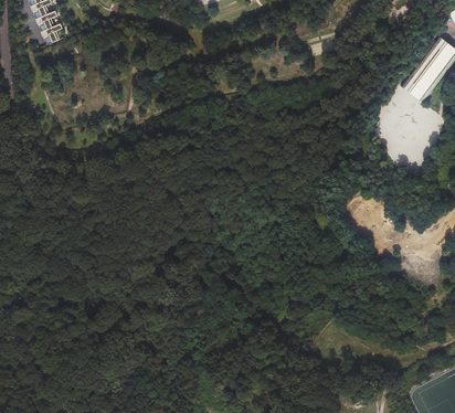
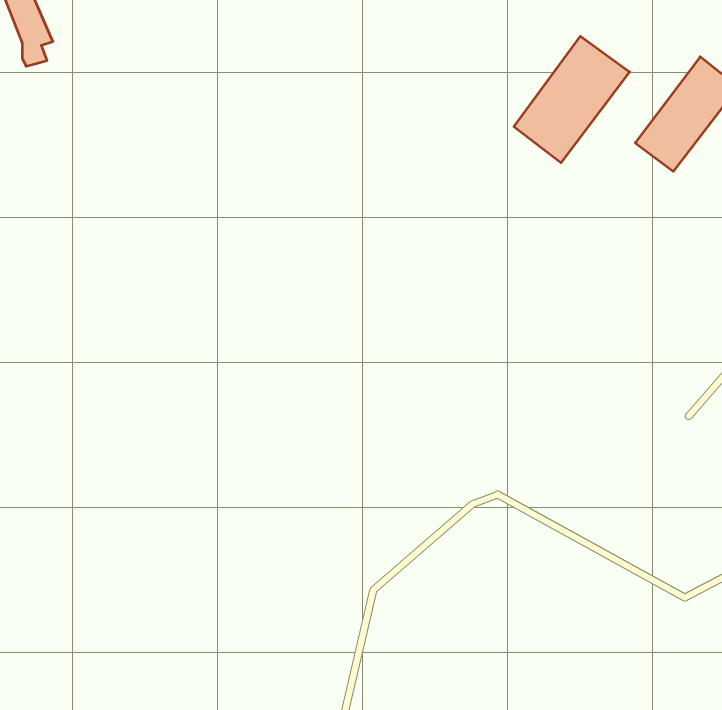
building: none -> [514,36,630,163]

